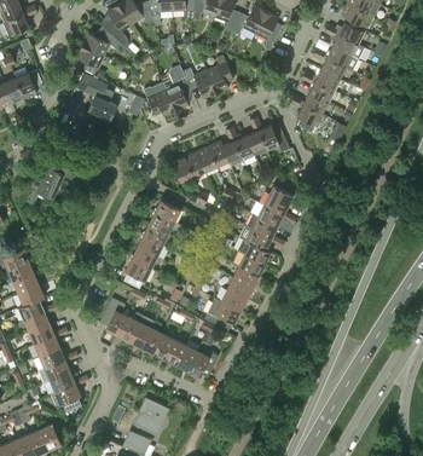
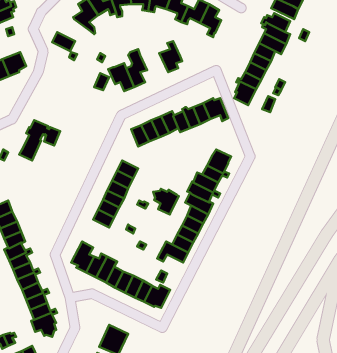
building: [82,29,131,56] -> none
building: [182,69,216,99] -> none
building: [76,74,117,121] -> none
building: none -> [153,189,179,215]

